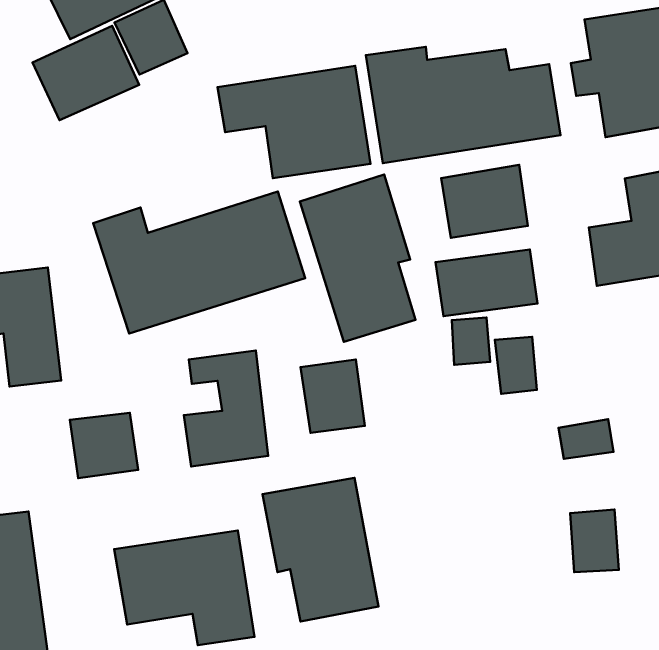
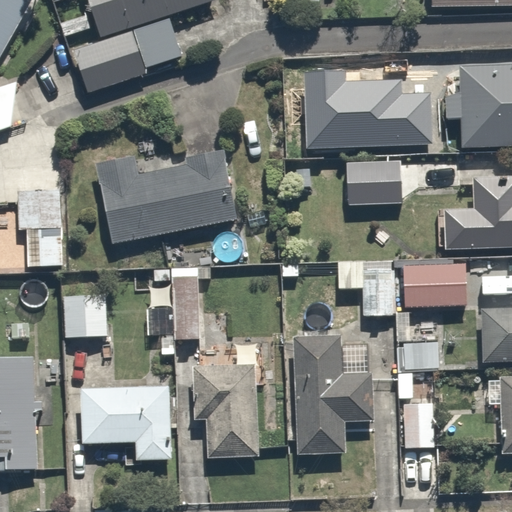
building: [217,66,371,178] -> none
building: [300,175,416,342] -> none
building: [436,250,537,316] -> [403,269,470,308]
building: [300,359,365,433] -> none
building: none -> [296,340,373,455]

